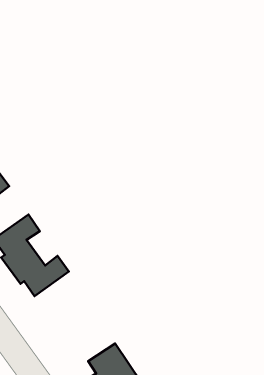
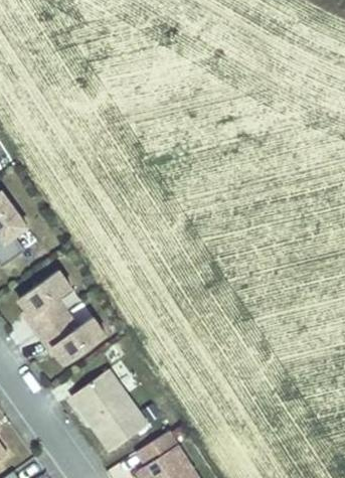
building: none -> [63,358,139,439]

